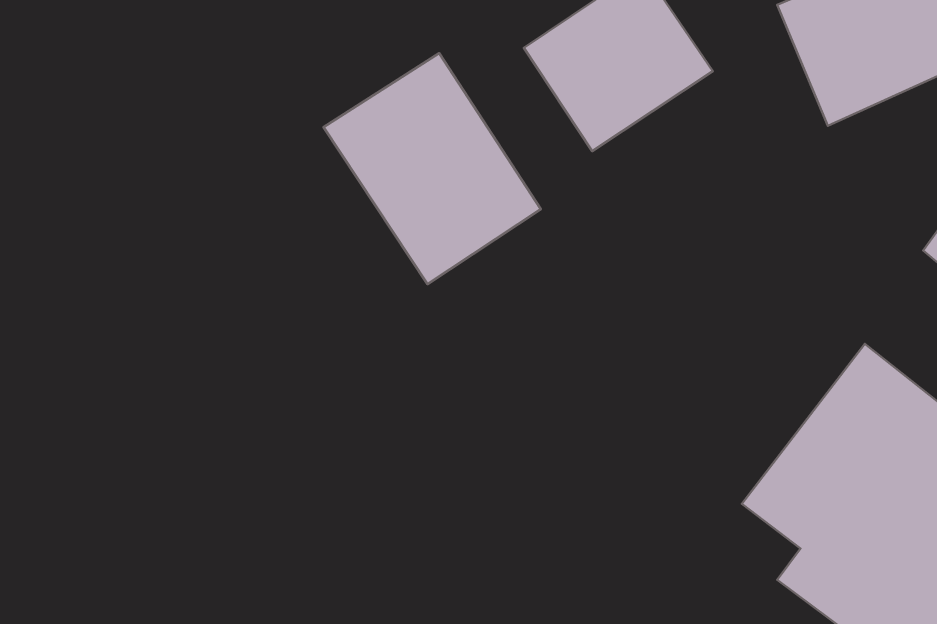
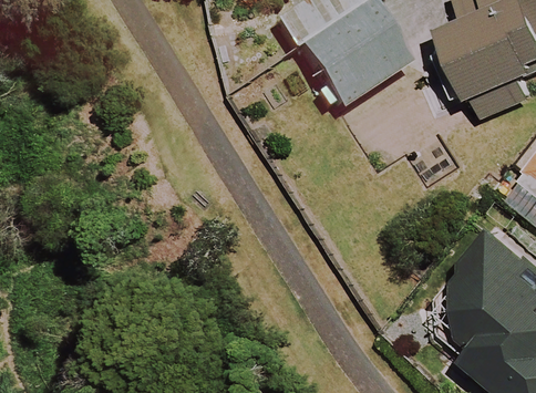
building: [324,53,541,284] -> none

